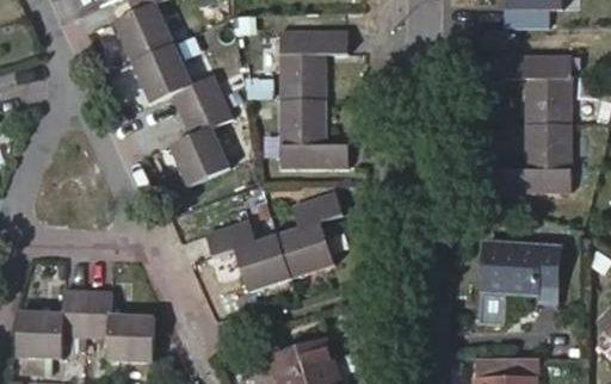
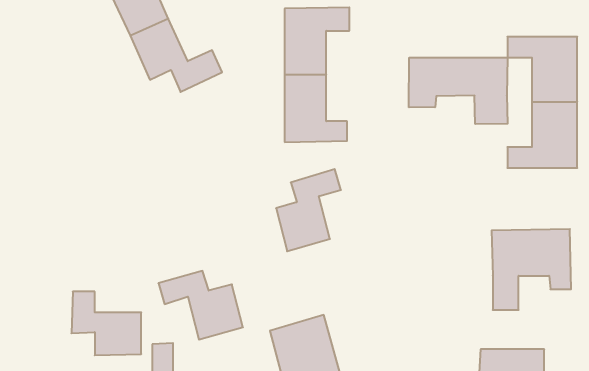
building: none -> [409,58,508,124]
building: [171,92,233,174] -> none
building: [204,211,286,278] -> [158,271,243,340]
building: [14,305,78,367] -> none

